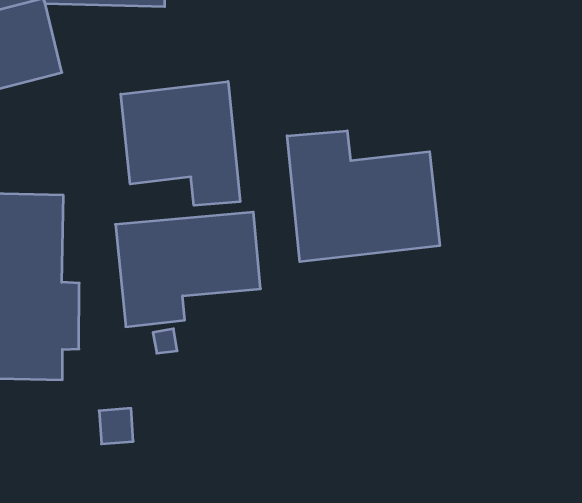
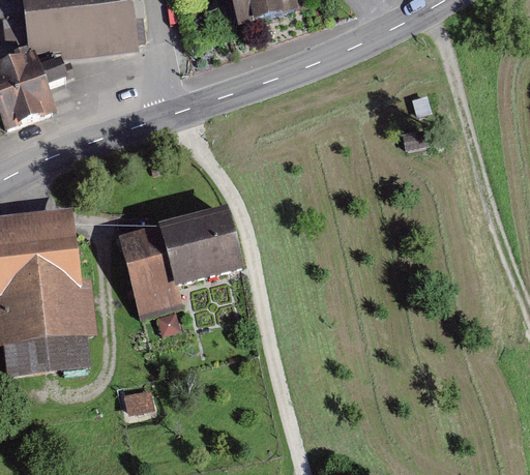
building: [121,81,240,205] -> none
building: [287,131,440,262] -> none

